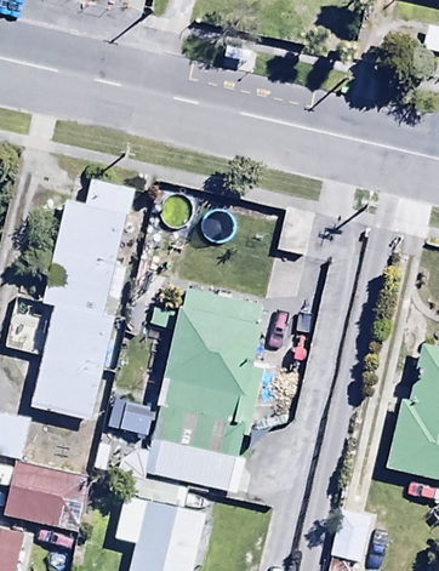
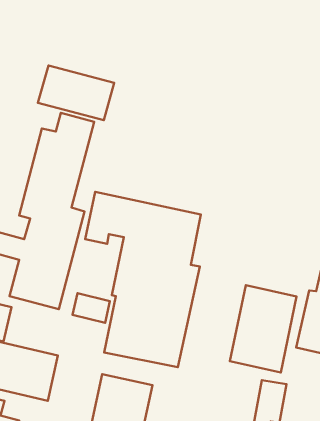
building: none -> [38,66,114,120]
building: none -> [230,285,297,373]

